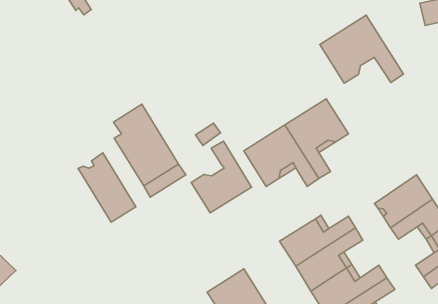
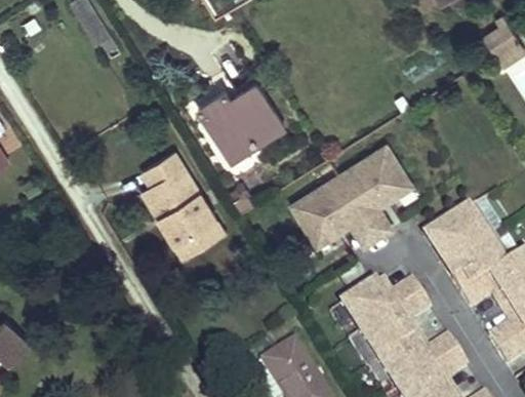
building: [320,15,404,83] -> none
building: none -> [200,84,284,160]
building: [191,141,252,213] -> none
building: none -> [423,206,490,267]
building: [78,153,136,222] -> none

